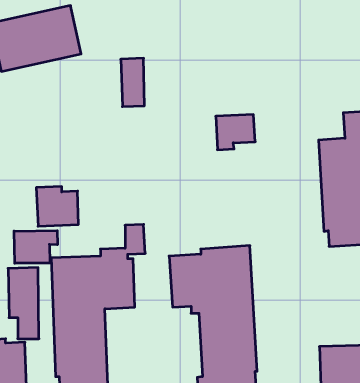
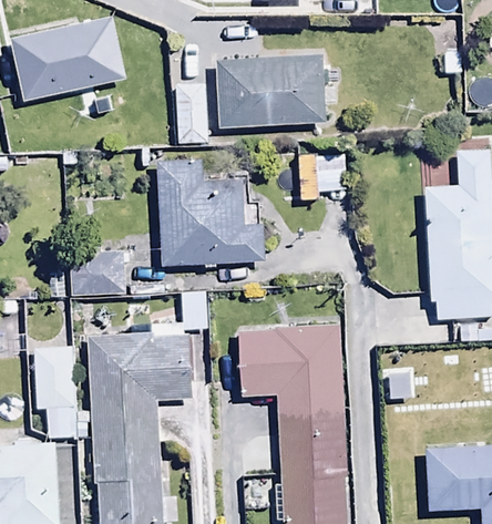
building: none -> [215,54,326,127]
building: none -> [161,158,265,268]
building: [14,231,57,263] -> none

